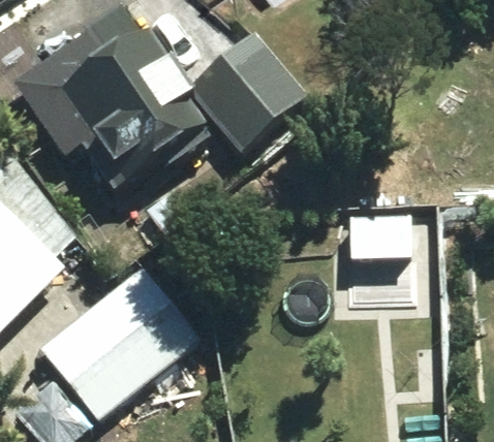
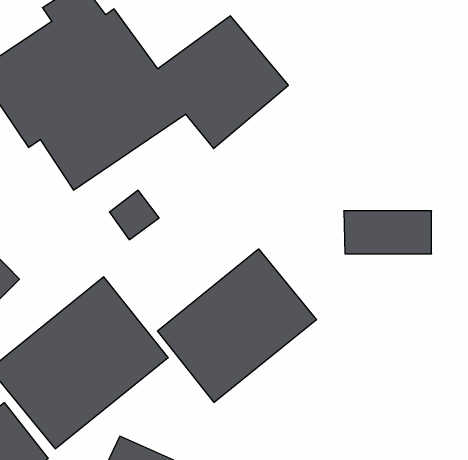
building: none -> [158,249,316,402]

